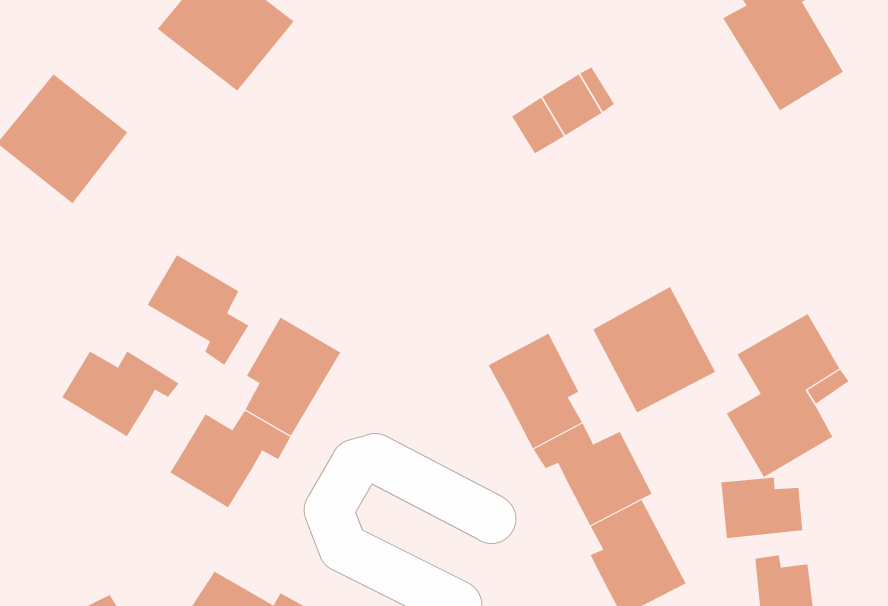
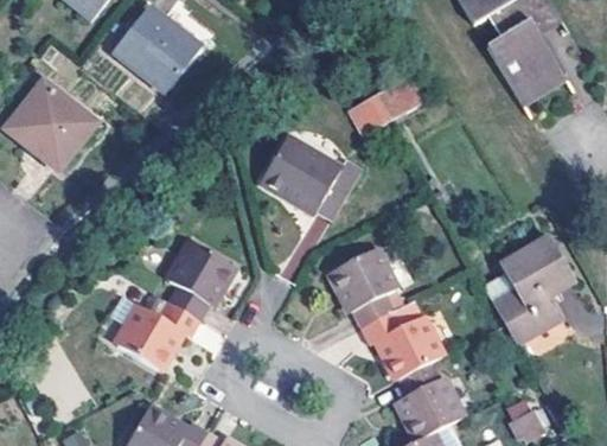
building: none -> [260,141,359,222]
building: [147,254,249,366] -> none
building: [593,286,716,413] -> none
building: [61,351,180,437] -> none
building: [721,477,803,539] -> none

